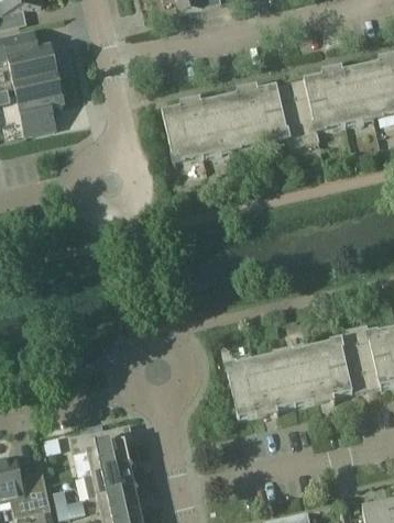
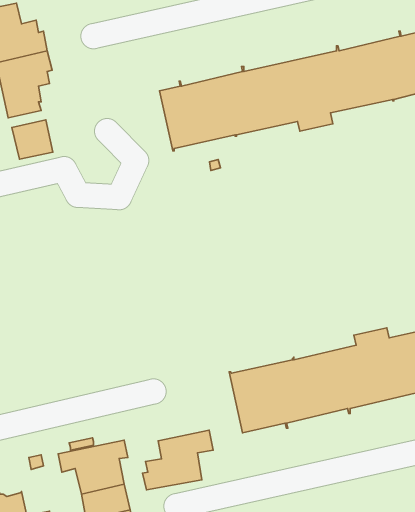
building: none -> [12,120,53,159]
building: none -> [143,430,213,490]

